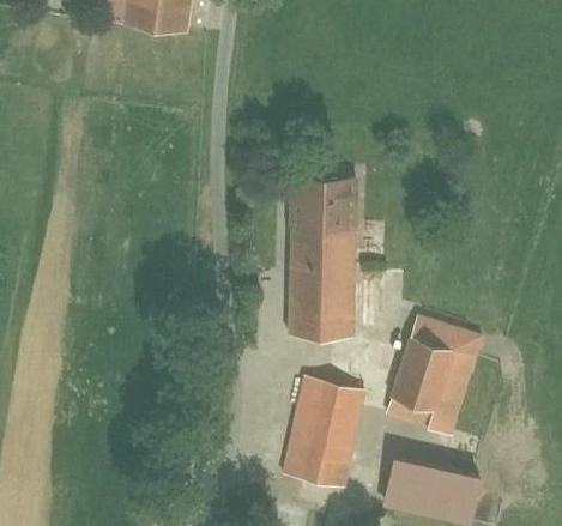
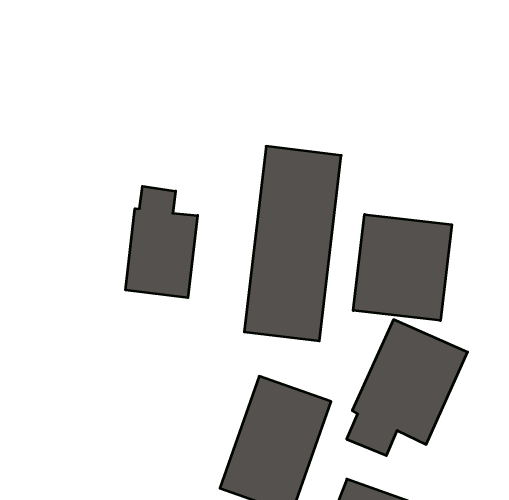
building: none -> [126,186,198,298]
building: none -> [353,214,452,321]

